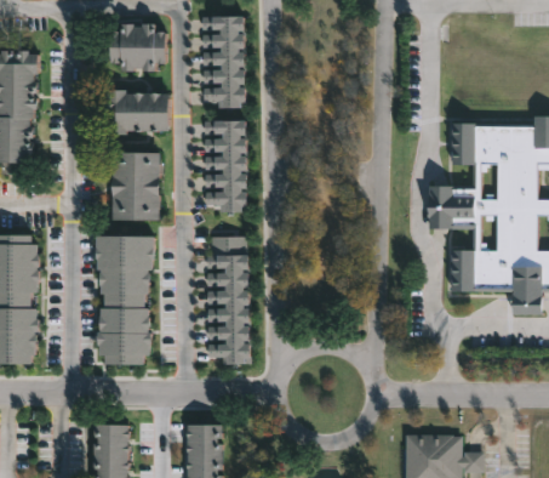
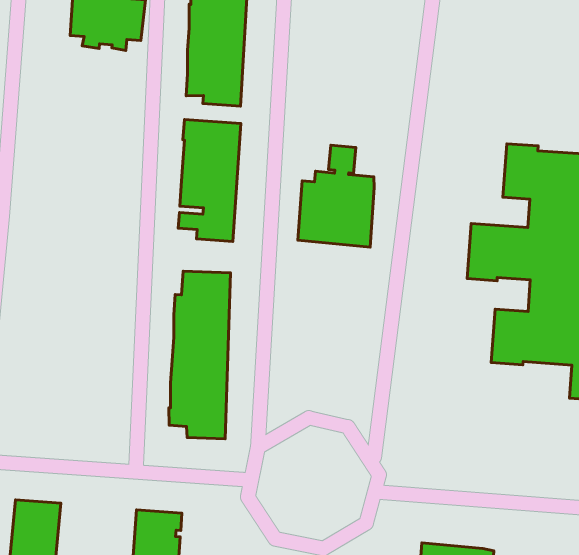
building: [107,90,170,135] -> none
building: none -> [298,145,374,247]
building: [111,153,160,222] -> none
building: [96,233,154,364] -> none

